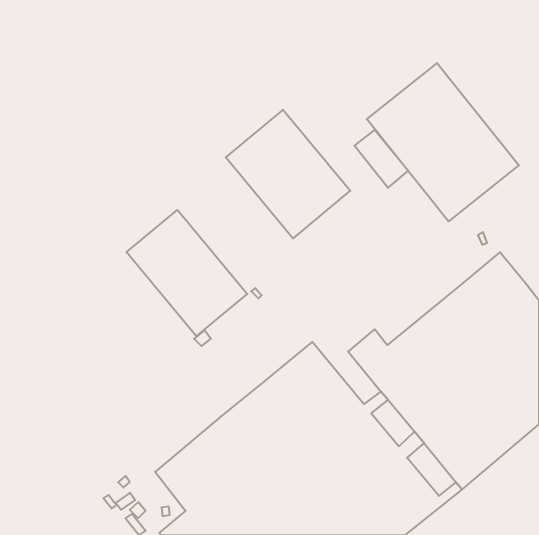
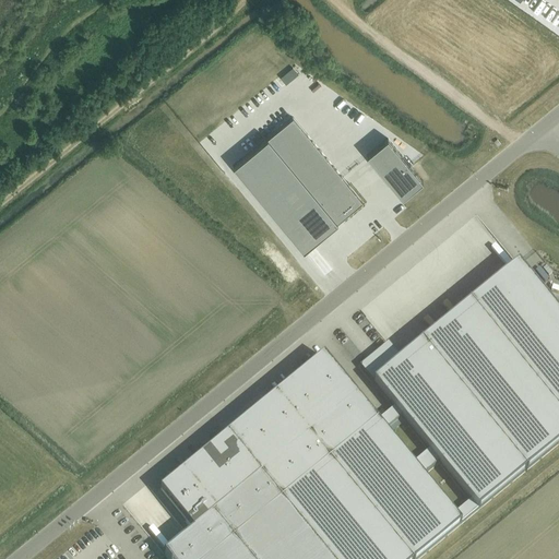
building: [367,63,519,221] -> none
building: [126,210,247,336] -> none

